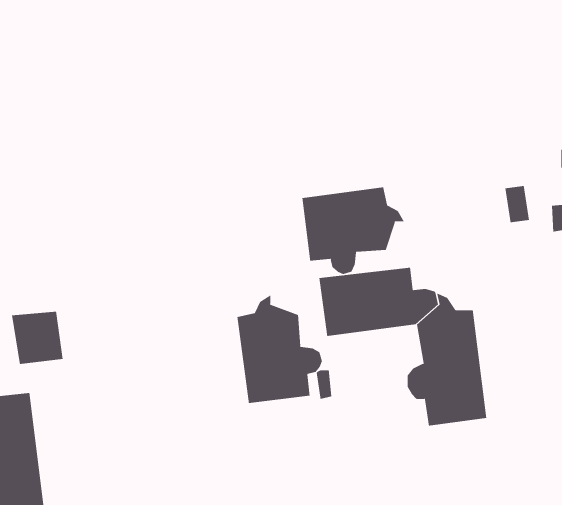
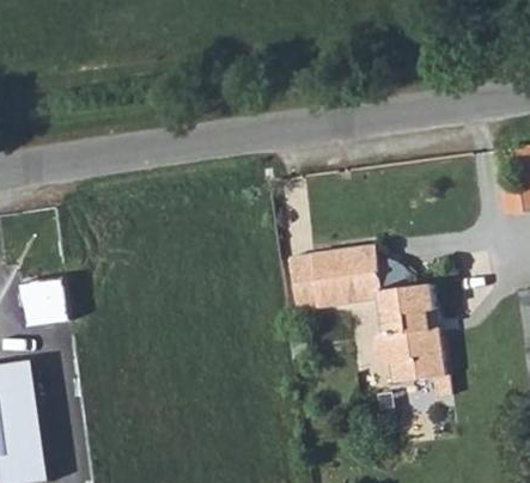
building: [302,187,405,275] -> none
building: [237,294,323,404] -> none

